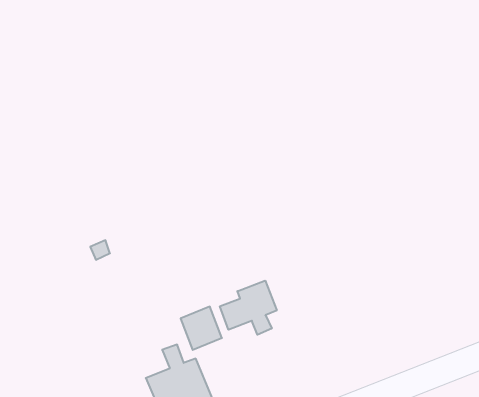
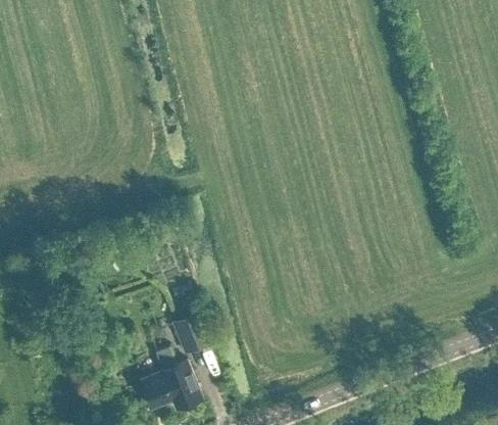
building: [220,281,277,335] -> none

